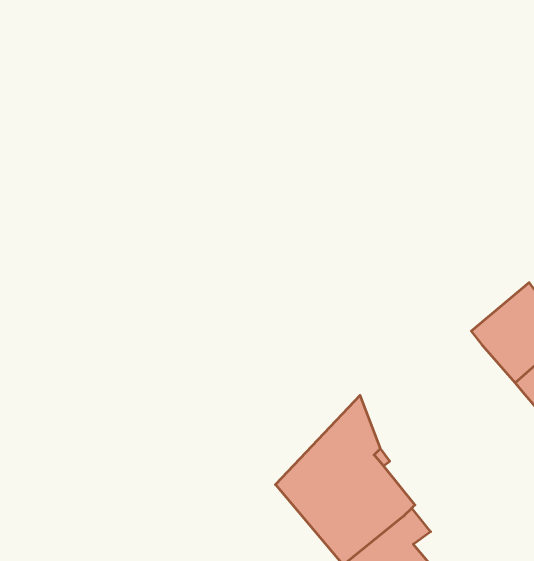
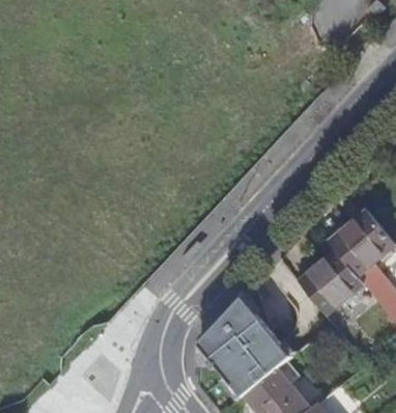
building: none -> [298,250,361,312]

